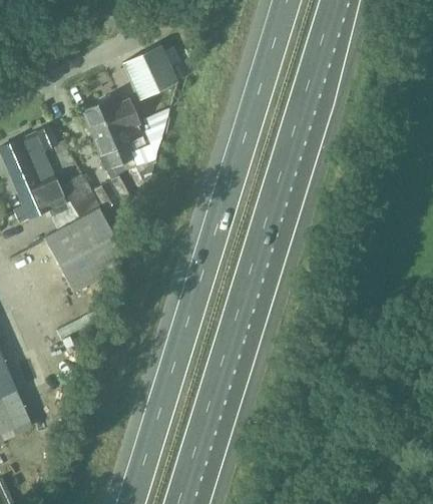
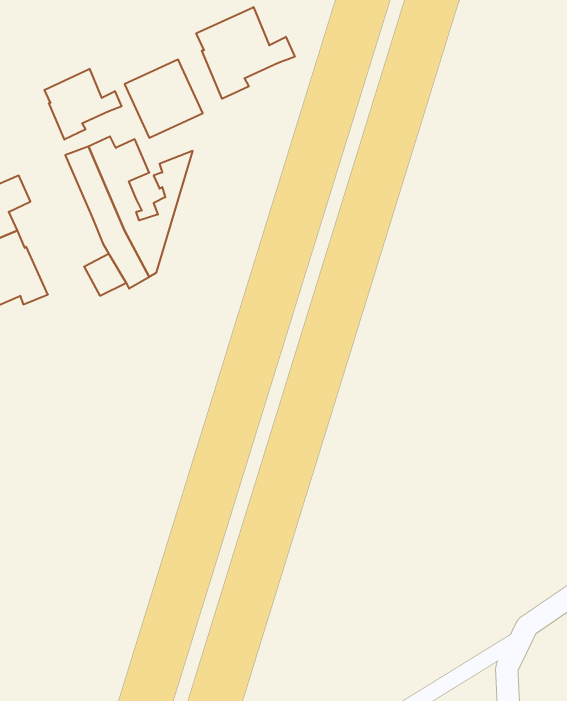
building: none -> [196,7,295,99]
building: none -> [45,69,122,140]
building: [43,172,124,293] -> none

